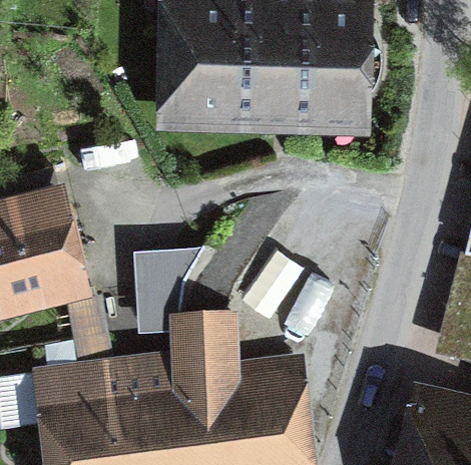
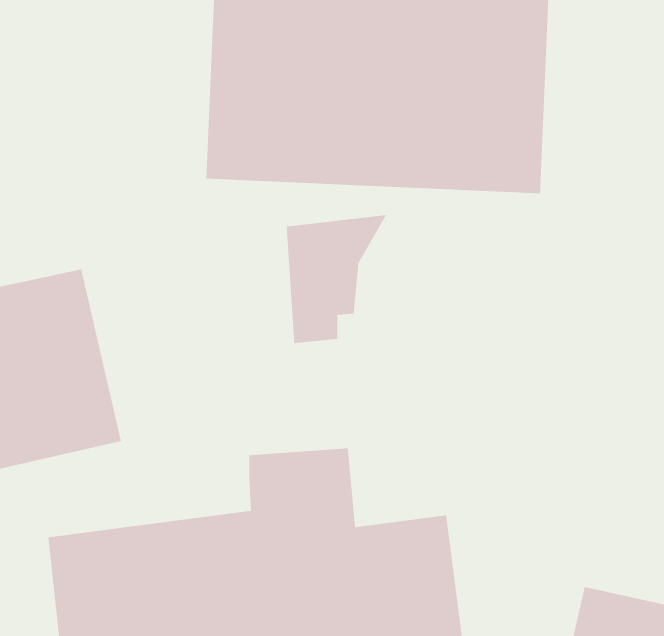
building: [135,246,203,333] -> [286,214,387,344]

